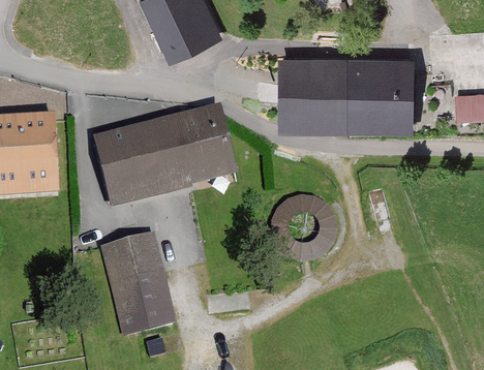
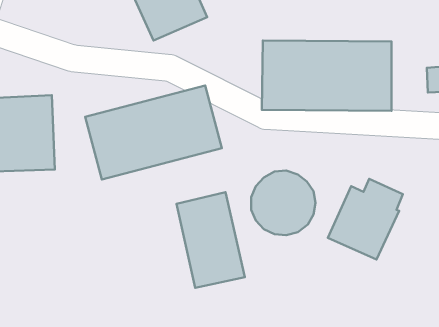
building: none -> [328,179,403,260]
building: [100,235,173,336] -> [177,192,245,288]

